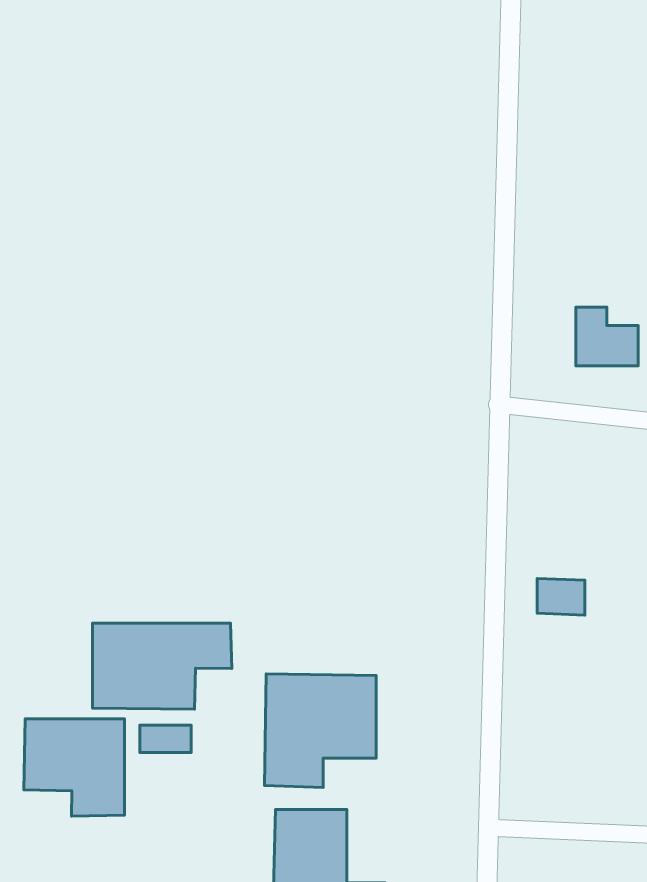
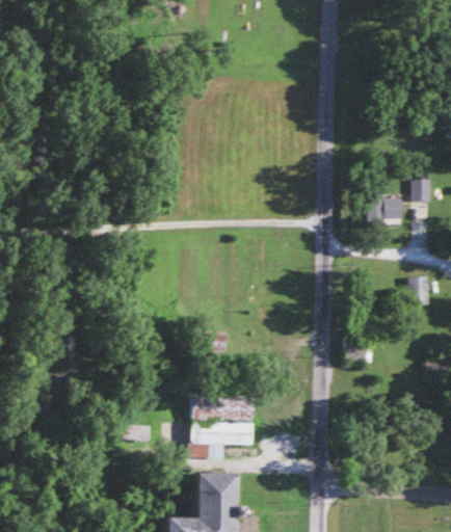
building: [93,623,232,709] -> none
building: [24,719,124,816] -> none

